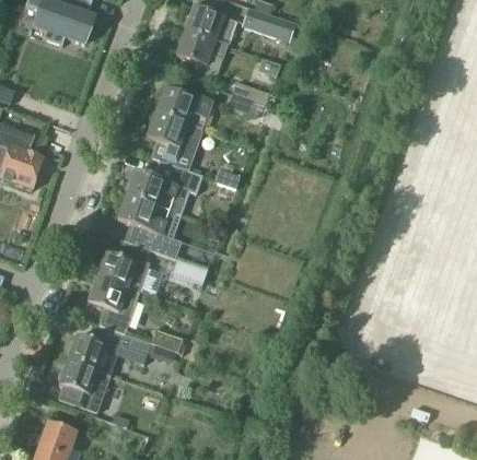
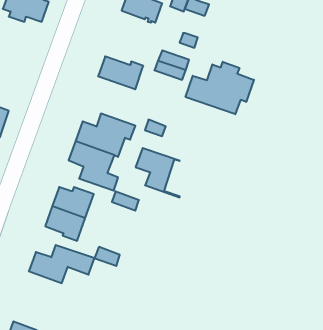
building: [175,31,226,67] -> none
building: none -> [186,62,254,114]
building: [146,114,201,176] -> [136,148,180,197]
building: [58,359,109,413] -> none

